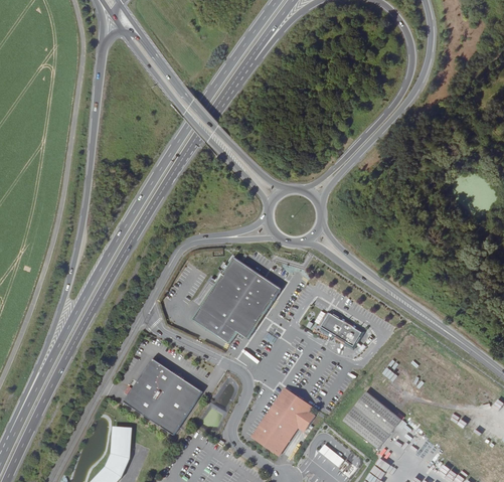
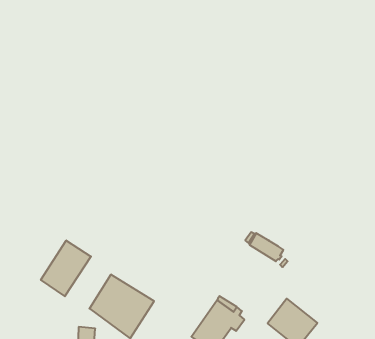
building: [191,258,280,344] -> none
building: none -> [41,240,91,296]

